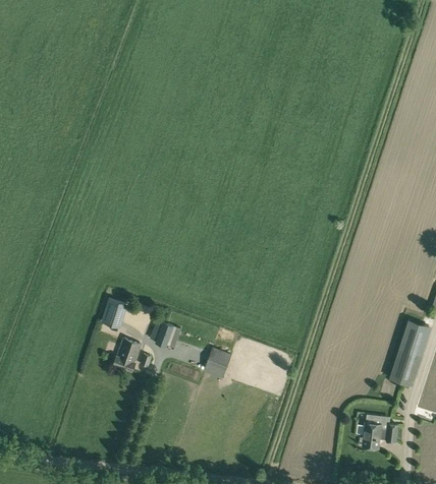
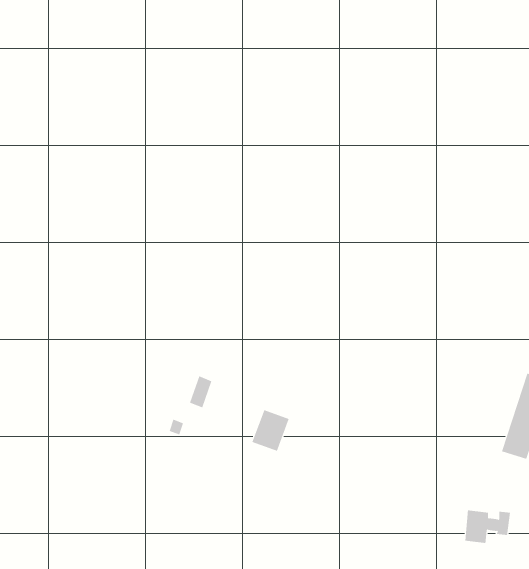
building: [101,299,126,328] -> none
building: [115,339,143,371] -> none

